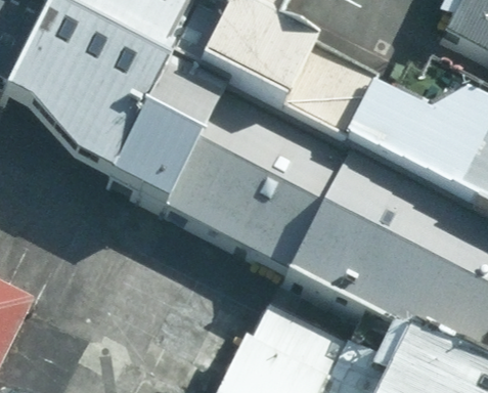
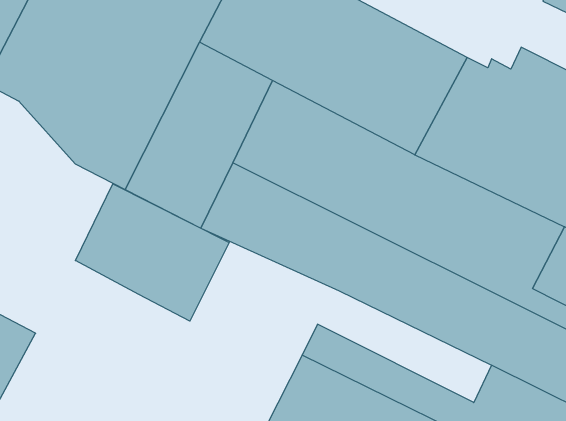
building: none -> [75,184,229,321]

